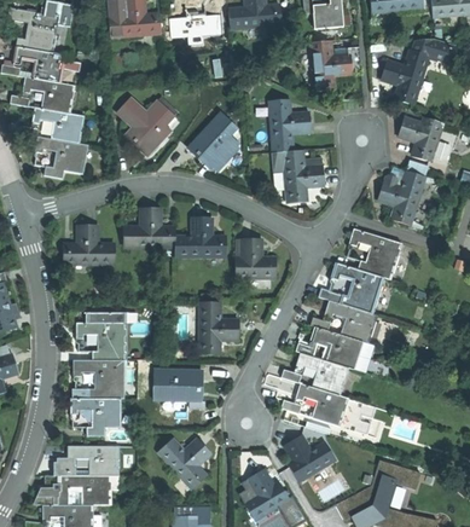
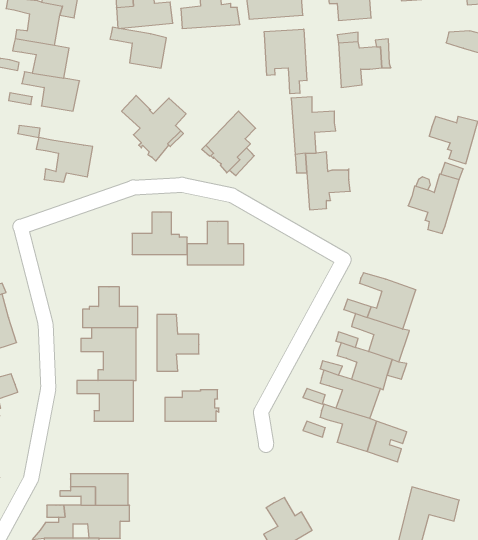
building: none -> [264,29,307,94]
building: [379,50,428,104] -> none
building: [31,108,83,145] -> [110,27,166,68]
building: [64,226,115,264] -> [83,287,138,328]
building: [349,227,401,279] -> none
building: [236,237,277,276] -> none
building: [202,300,240,352] -> [157,315,199,371]
building: [70,399,121,436] -> none
building: [284,434,336,483] -> none
building: [158,440,211,491] -> none

